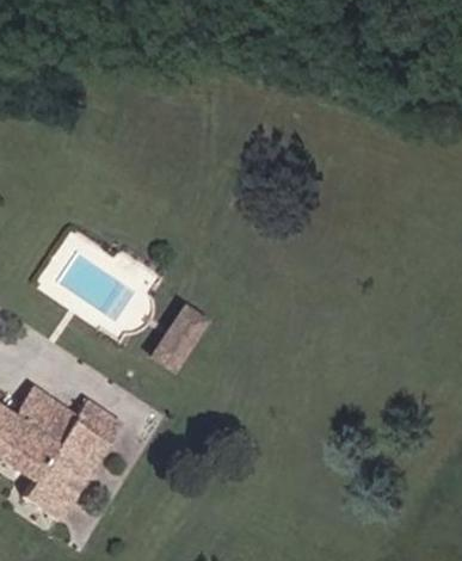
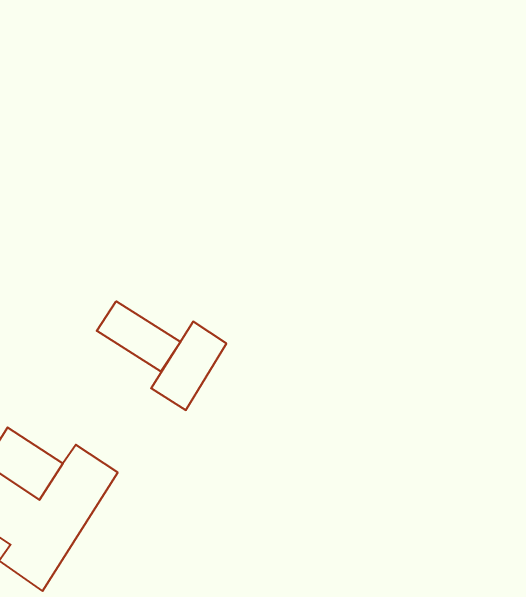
building: none -> [97,301,180,371]

